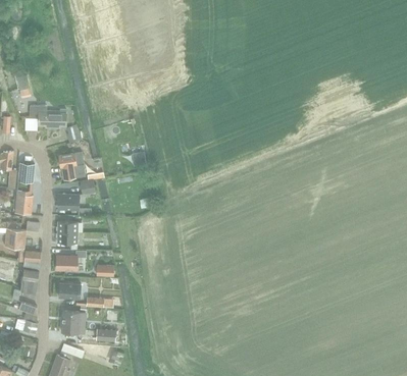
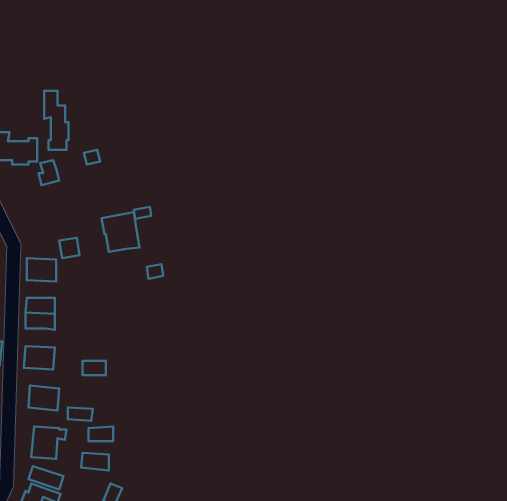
building: none -> [44,91,69,150]
building: [57,151,84,178] -> [101,212,140,252]

